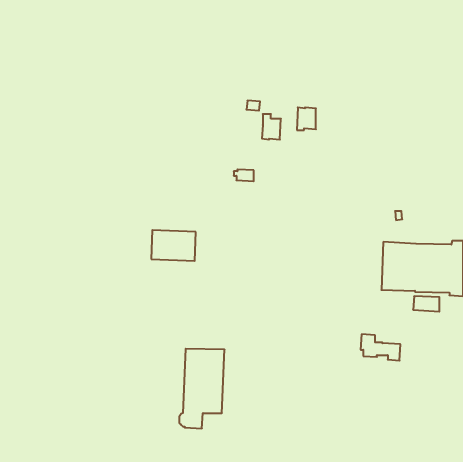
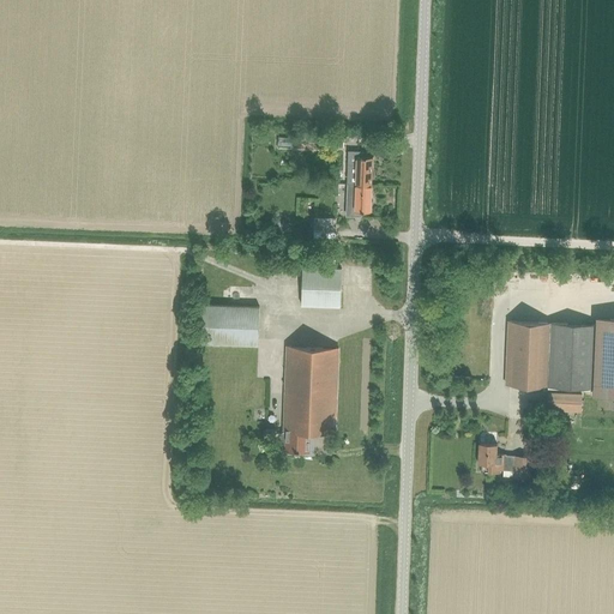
building: [297,107,316,130] -> [345,185,371,215]
building: none -> [301,269,341,308]
building: [179,349,225,428] -> [278,348,338,453]

